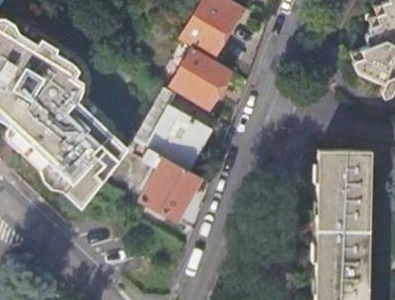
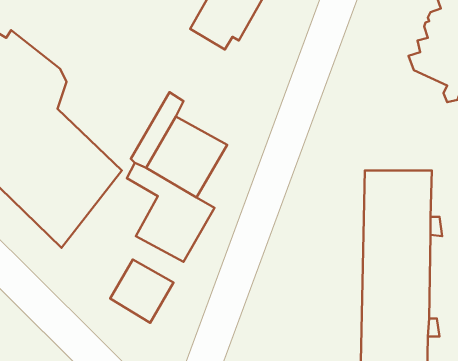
building: [171,48,232,109] -> none
building: none -> [110,260,173,323]

